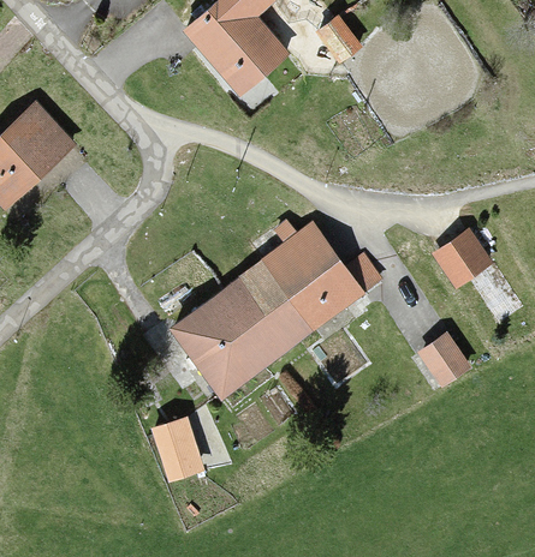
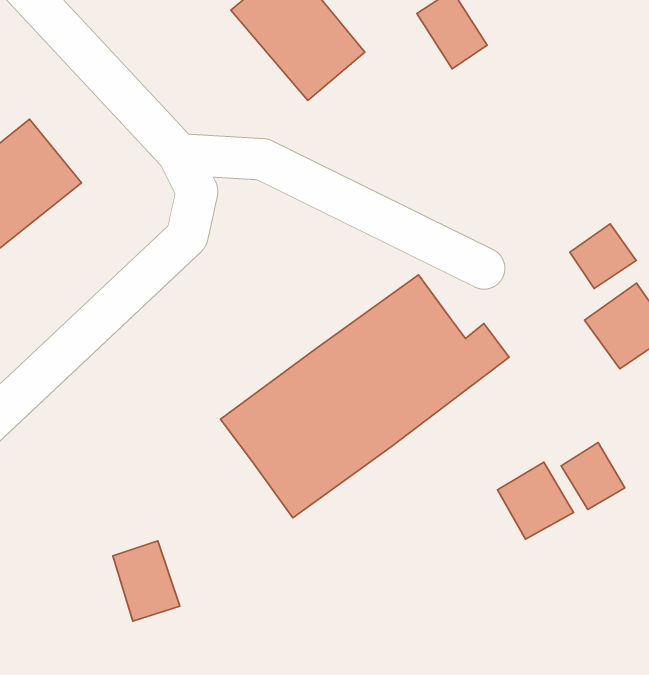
building: none -> [570,224,636,289]
building: none -> [497,462,573,539]
building: [155,424,203,481] -> [113,541,180,621]

